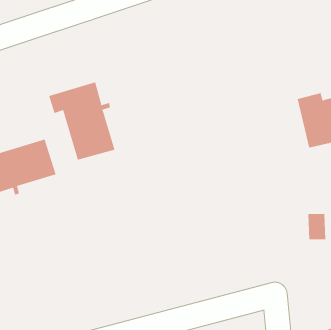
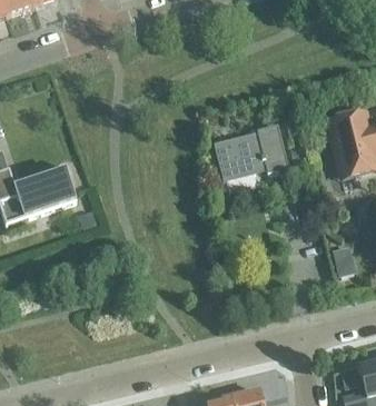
building: [48,81,115,161] -> none
building: none -> [214,126,289,180]

